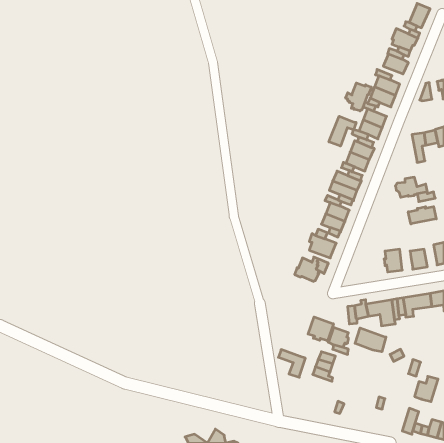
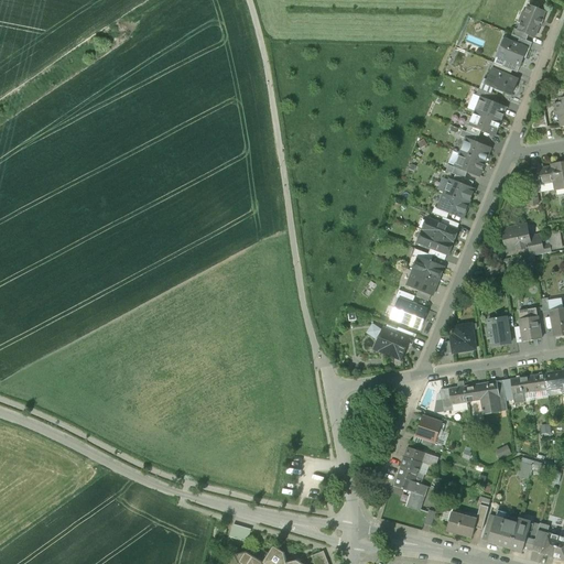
building: [346,83,371,111] -> none
building: [329,116,356,146] -> none
building: [408,207,436,224] -> none
building: none -> [452,323,476,351]
building: [308,317,333,341] -> none
building: [355,328,386,352] -> none
building: [278,350,305,377] -> [393,475,427,510]
building: [415,376,438,402] -> [489,514,519,546]
building: none -> [447,512,477,535]

